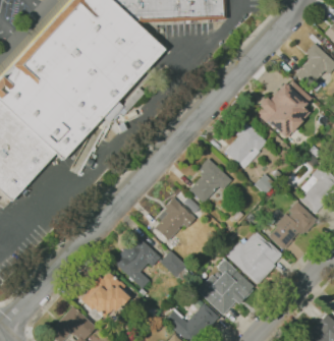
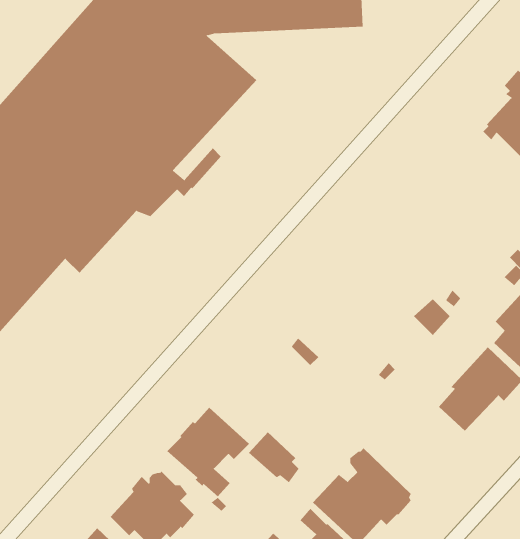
building: [255,77,312,138] -> none
building: [225,121,267,168] -> none
building: [190,159,231,203] -> none
building: [154,197,196,241] -> none
building: [227,232,282,284] -> none

